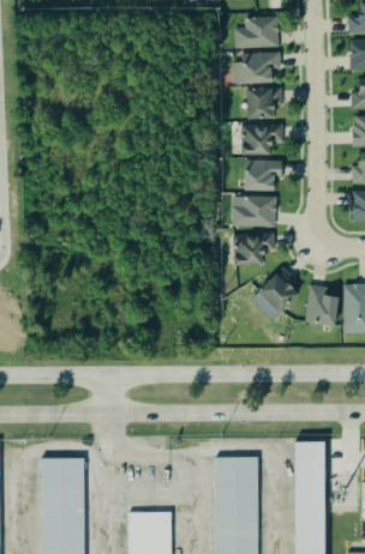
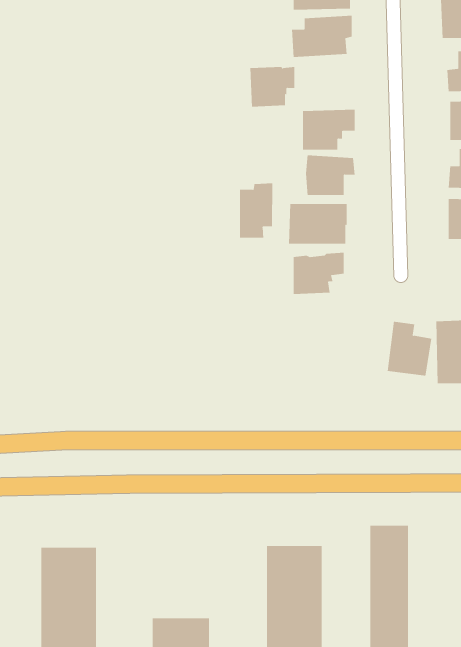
building: [246,86,281,118] -> [250,66,295,107]
building: none -> [240,182,273,239]
building: [252,272,297,318] -> none

